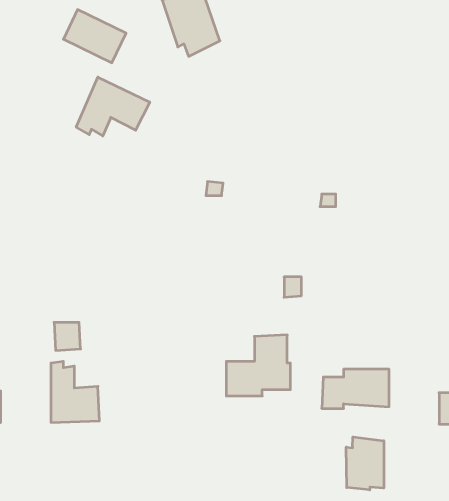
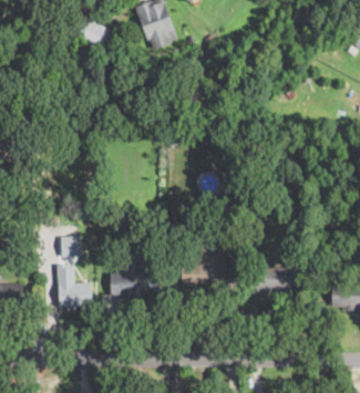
building: [76,77,150,136] -> none
building: none -> [110,273,155,299]
building: [346,437,384,490] -> none

